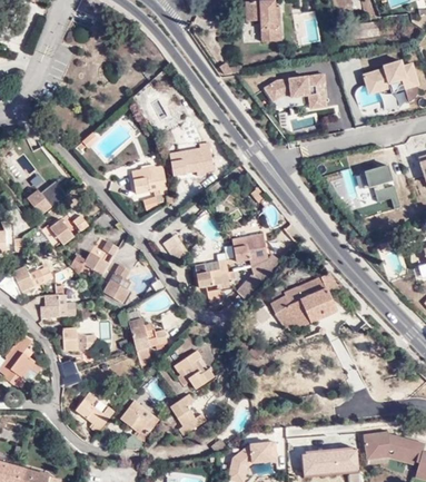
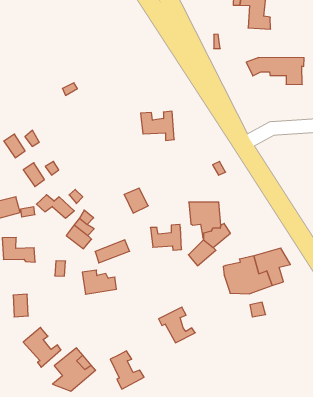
building: [129,167,166,212] -> none
building: [59,333,95,357] -> none
building: [174,354,214,392] -> [159,307,195,343]

